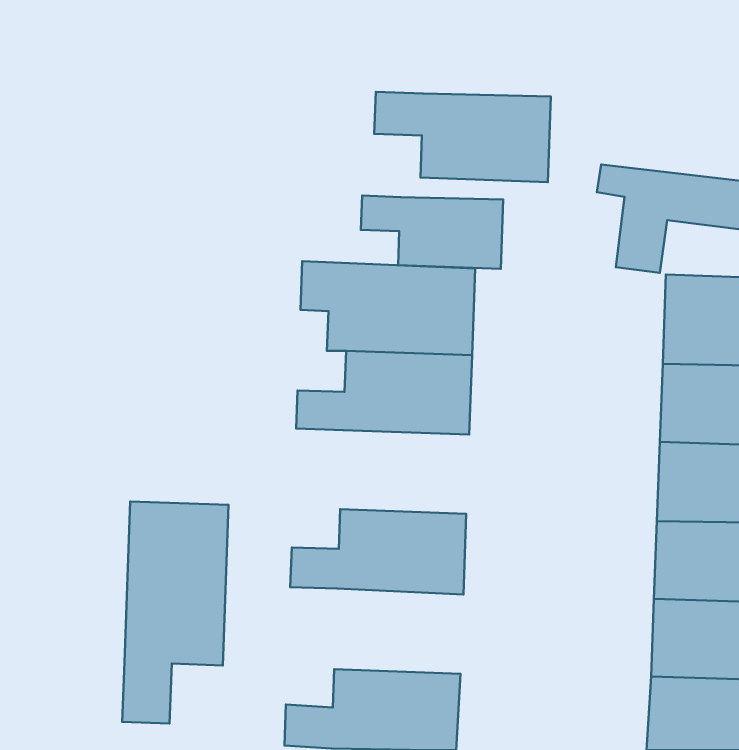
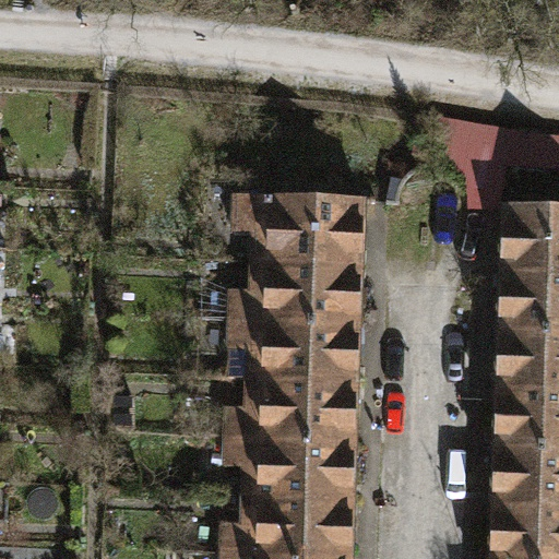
building: [374,92,551,182] -> none
building: [361,196,503,269] -> none
building: none -> [227,319,357,382]
building: [122,501,229,723] -> none
building: none -> [223,437,353,501]

